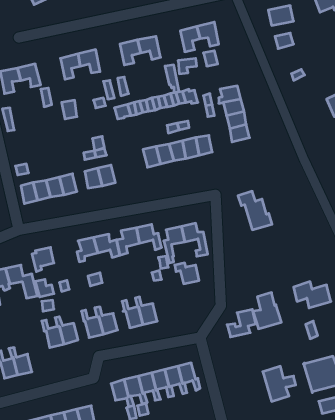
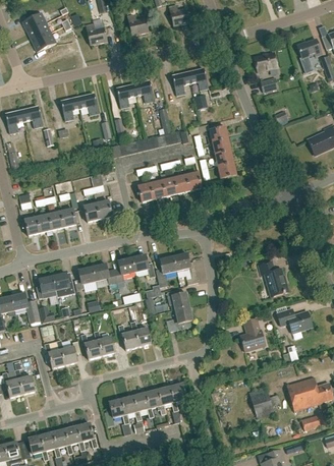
building: [238,191,272,230] -> [258,260,289,296]
building: none -> [52,273,75,297]
building: [227,309,256,337] -> [166,306,192,332]

